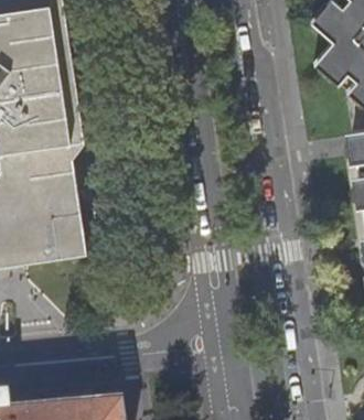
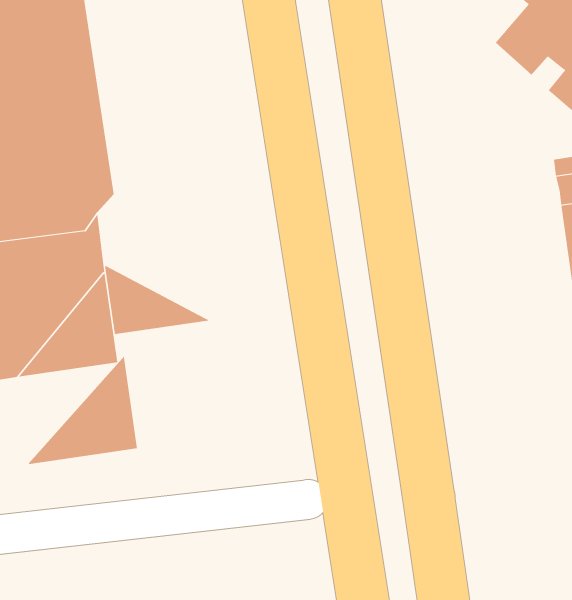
building: none -> [104,265,211,335]
building: none -> [28,356,138,465]

